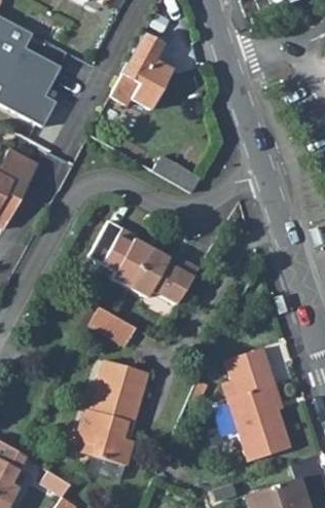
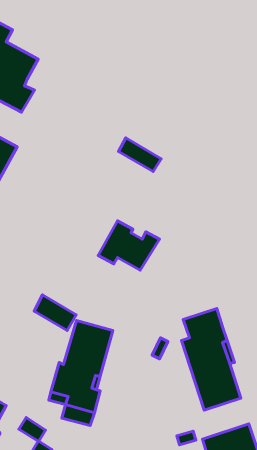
building: [111,35,172,110] -> none
building: [88,220,151,288] -> none
building: [89,305,137,346] -> [34,295,76,330]

